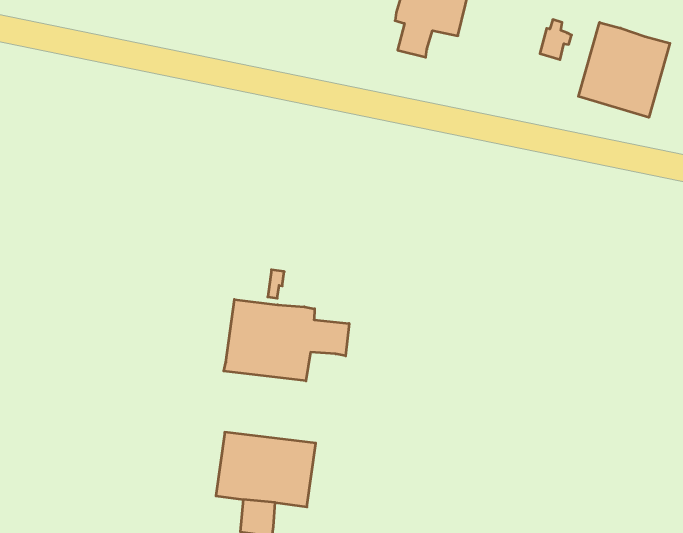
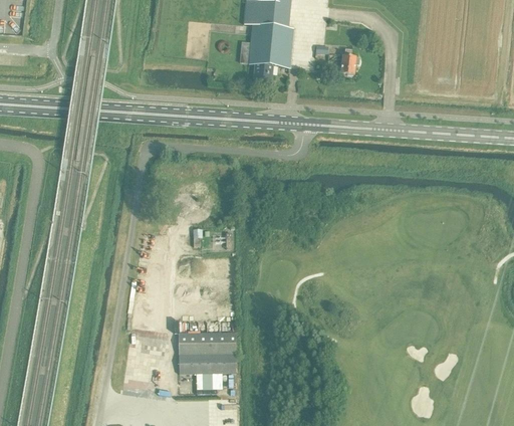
building: [578,22,670,117] -> none
building: [224,299,349,381] -> none

